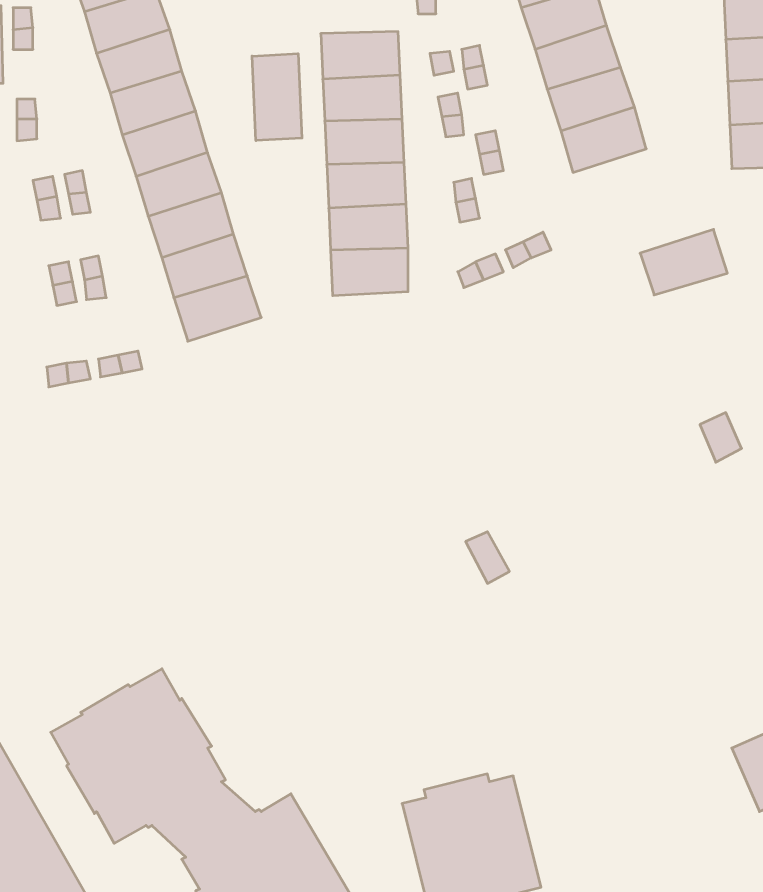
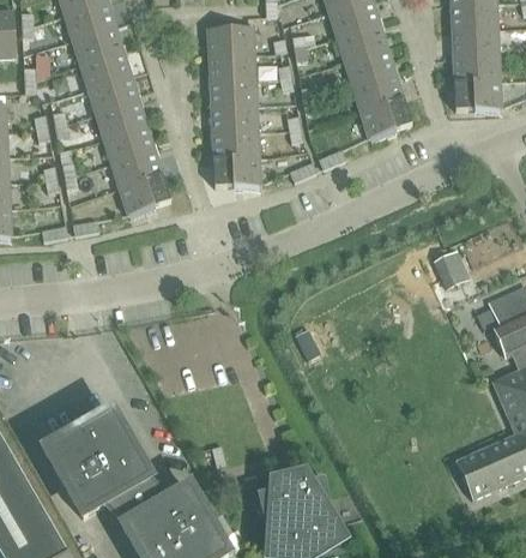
building: [252,54,302,141] -> none
building: [640,229,727,295] -> [359,97,412,137]

